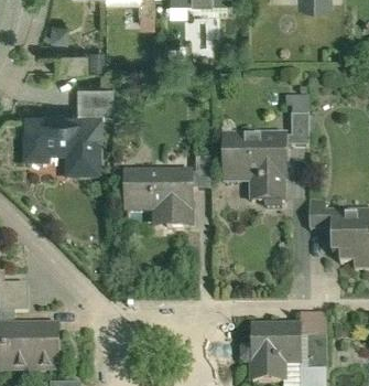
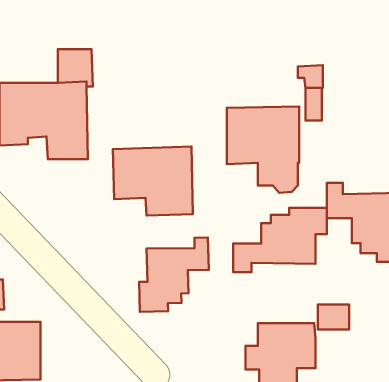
building: none -> [233,208,327,272]
building: none -> [139,238,209,312]
building: [301,336,325,367] -> none

